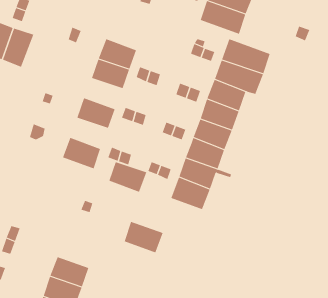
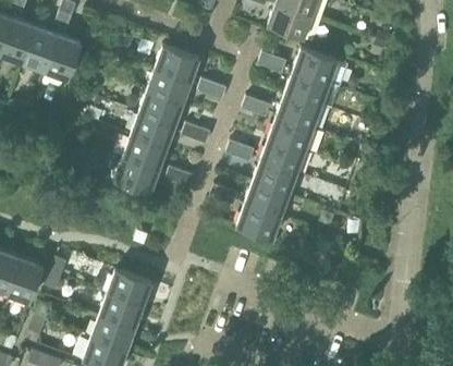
building: none -> [136,93,181,127]
building: [108,161,147,192] -> [121,137,164,172]
building: [124,221,164,253] -> [107,270,151,306]

